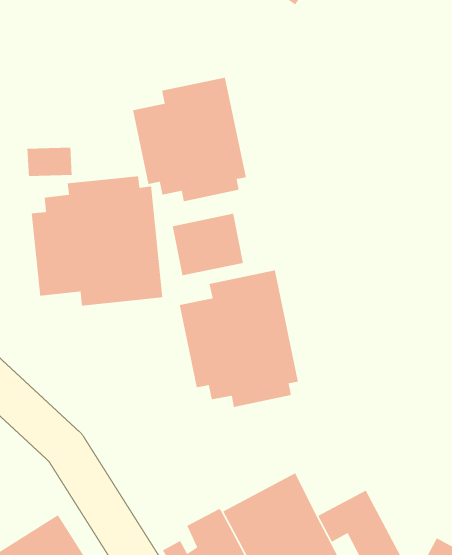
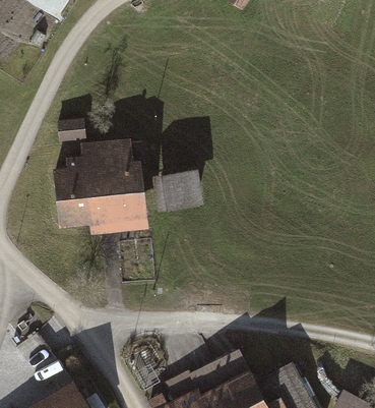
building: [132,77,247,202] -> none
building: [179,270,299,408] -> none

